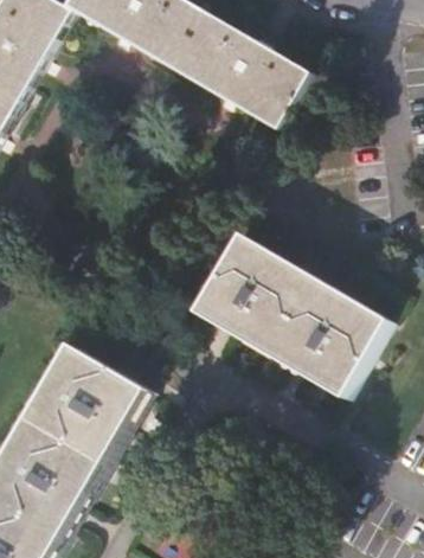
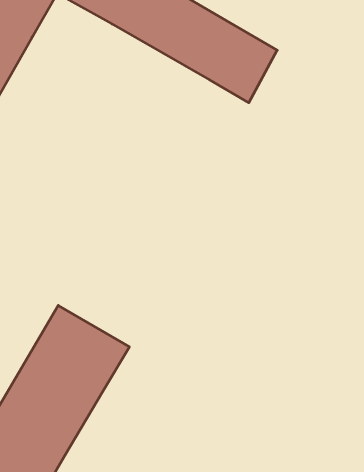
building: [195,230,385,391] -> none

